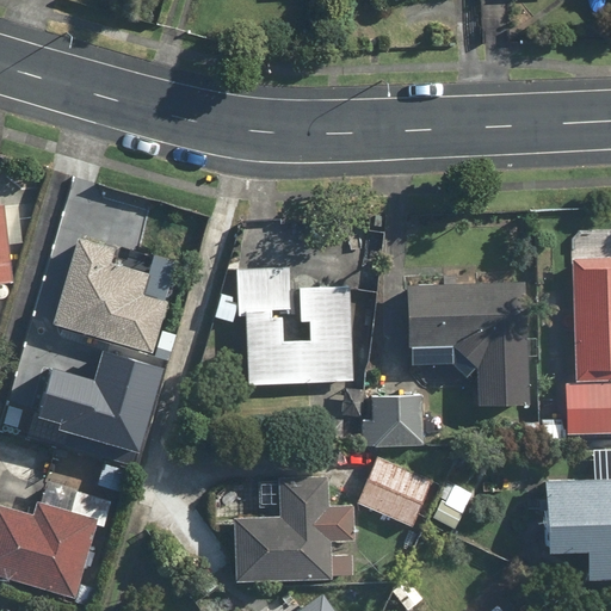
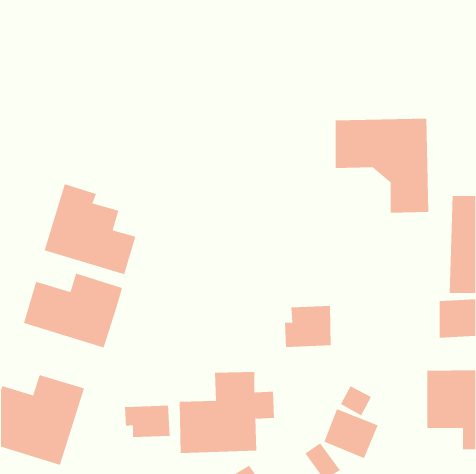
building: [236,266,353,387] -> none
building: [403,283,524,405] -> [335,118,429,213]
building: [358,462,428,526] -> [323,408,378,459]
building: none -> [125,405,170,438]

